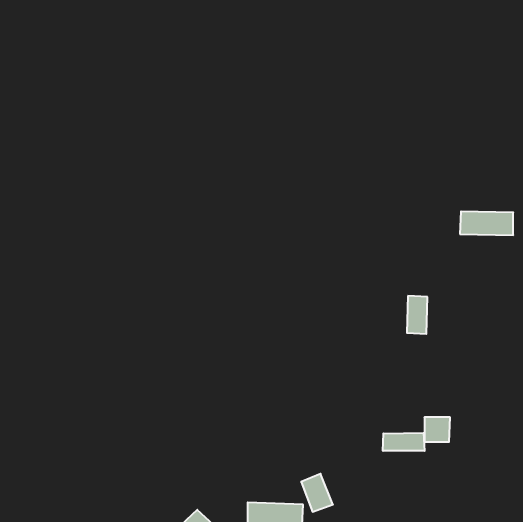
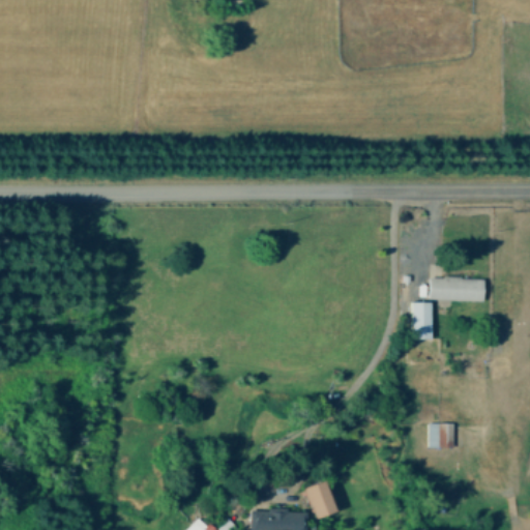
building: [460,211,513,235] -> [431,277,484,301]
building: [383,433,425,451] -> none

